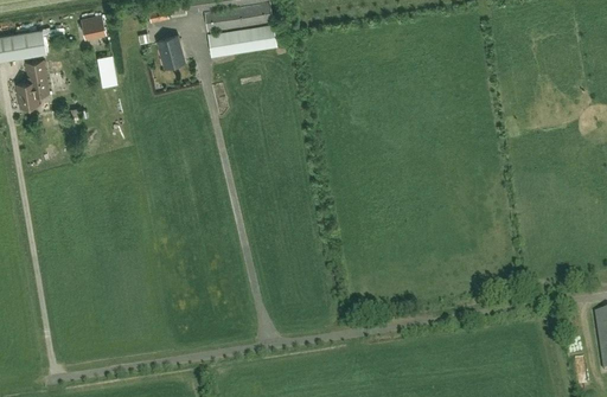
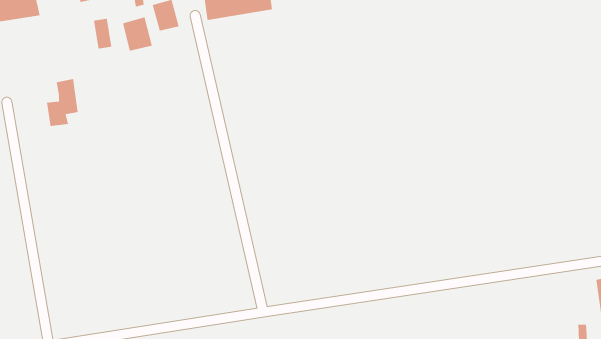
building: none -> [122,17,153,51]
building: [17,62,49,109] -> [46,78,79,126]

